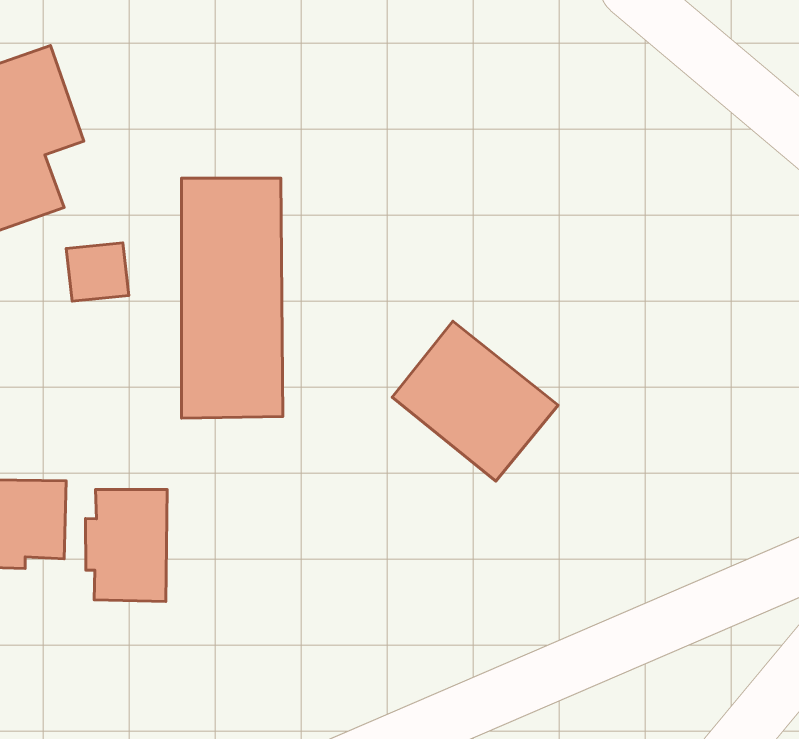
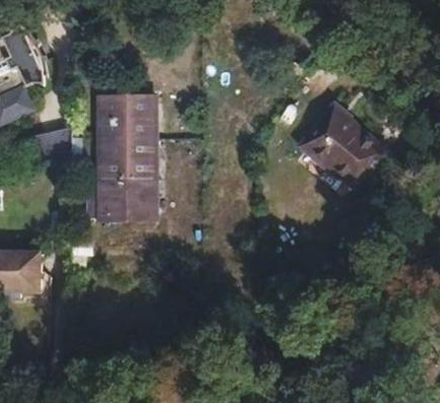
building: [392,321,558,481] -> [303,105,389,188]
building: [86,489,167,601] -> none

